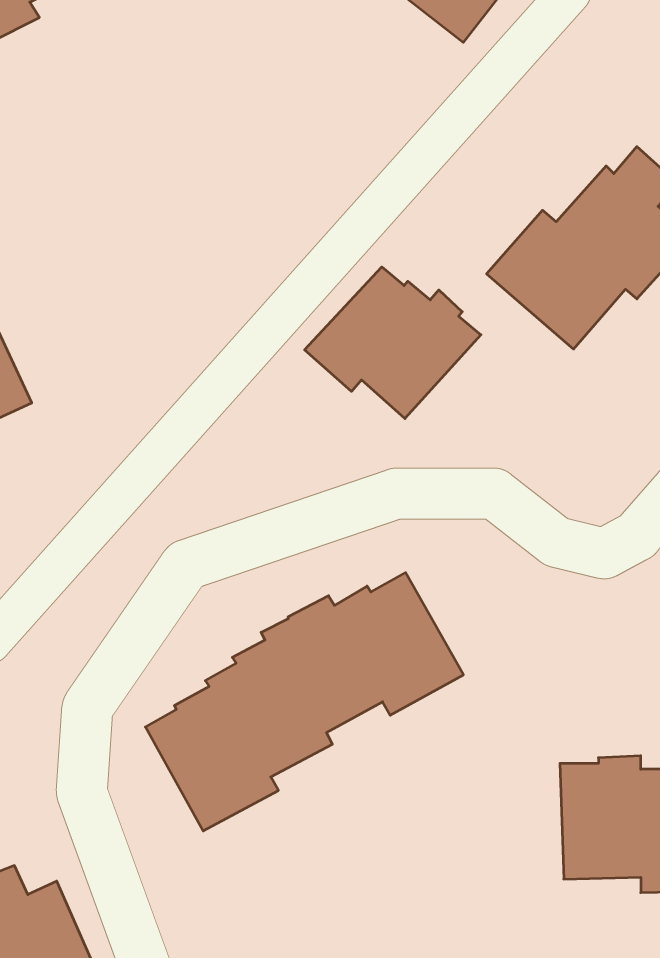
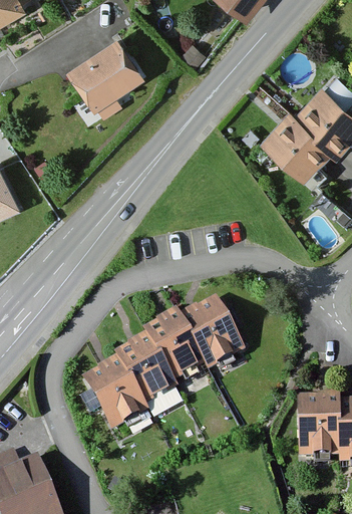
building: none -> [65,36,144,119]
building: [305,267,481,419] -> none

